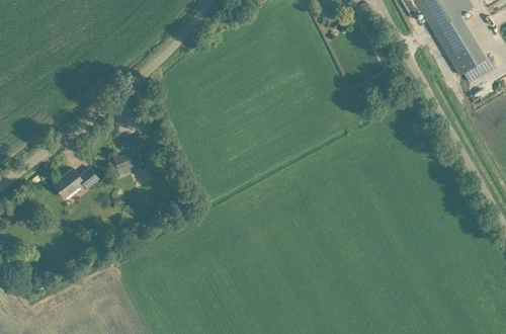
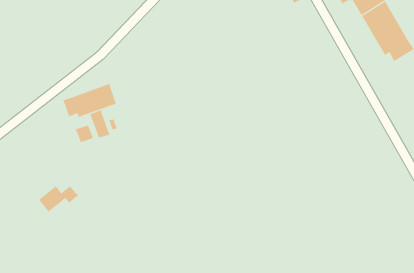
building: none -> [63,83,116,118]
building: [52,167,97,197] -> [38,185,79,212]

